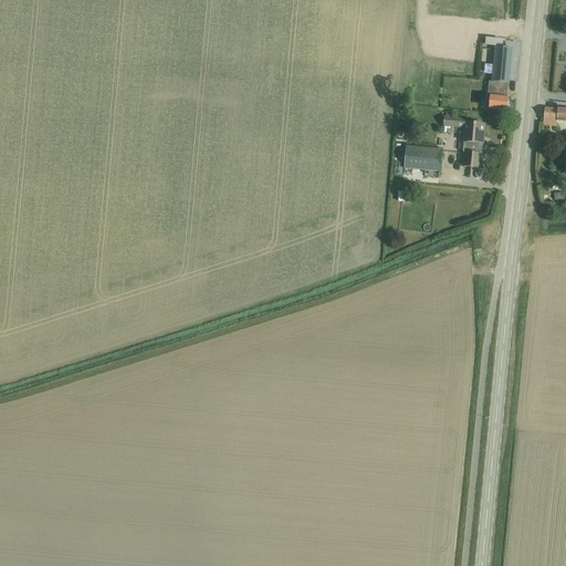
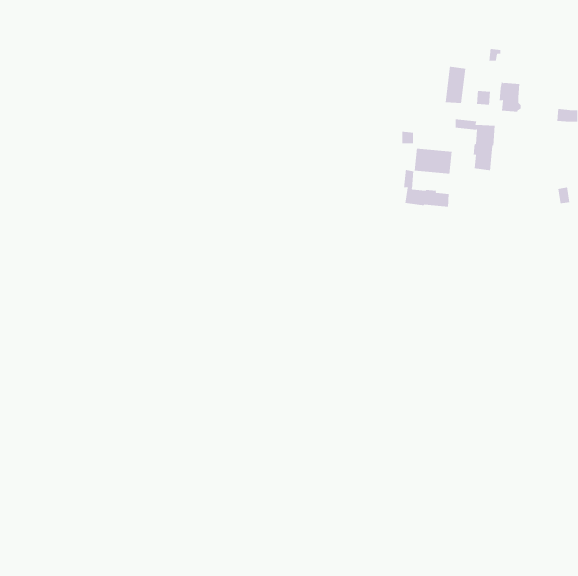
building: [492,45,513,82] -> [445,66,466,104]
building: none -> [404,169,449,208]

